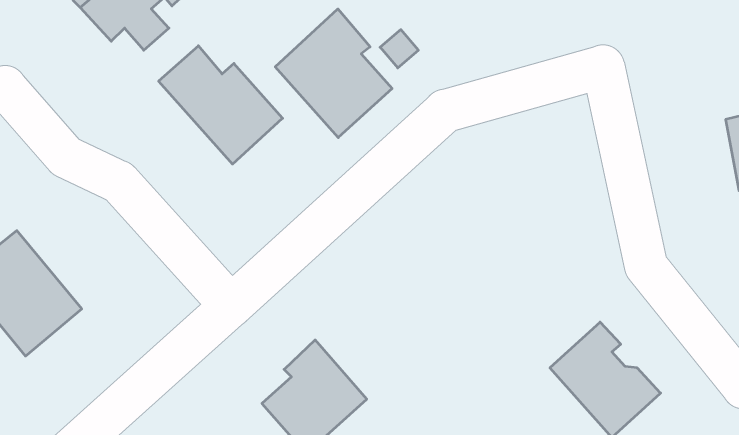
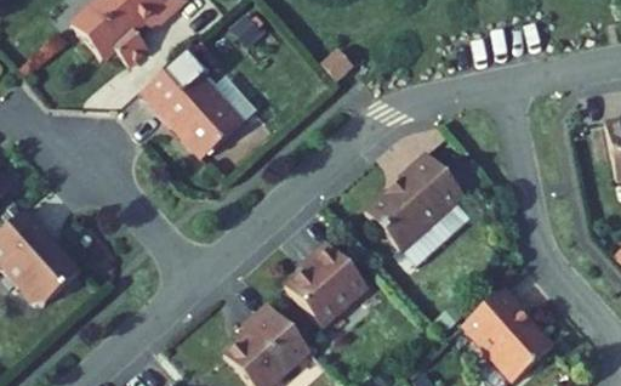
building: [275,9,392,138] -> none
building: none -> [368,153,463,249]
building: none -> [287,242,369,327]

